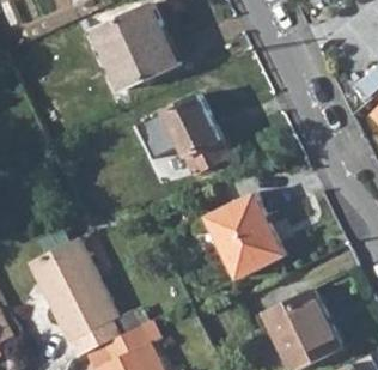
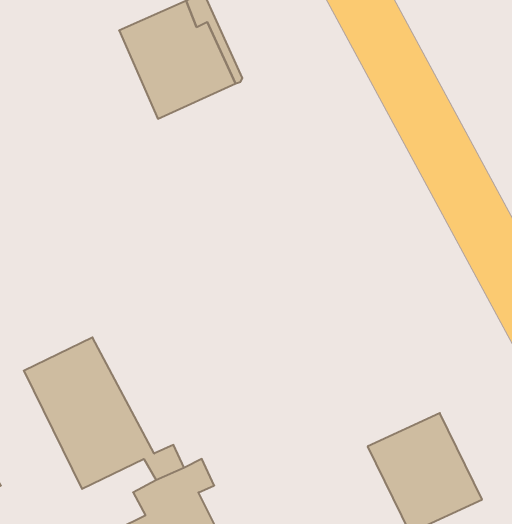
building: [147,97,226,174] -> none
building: [206,194,282,278] -> none

